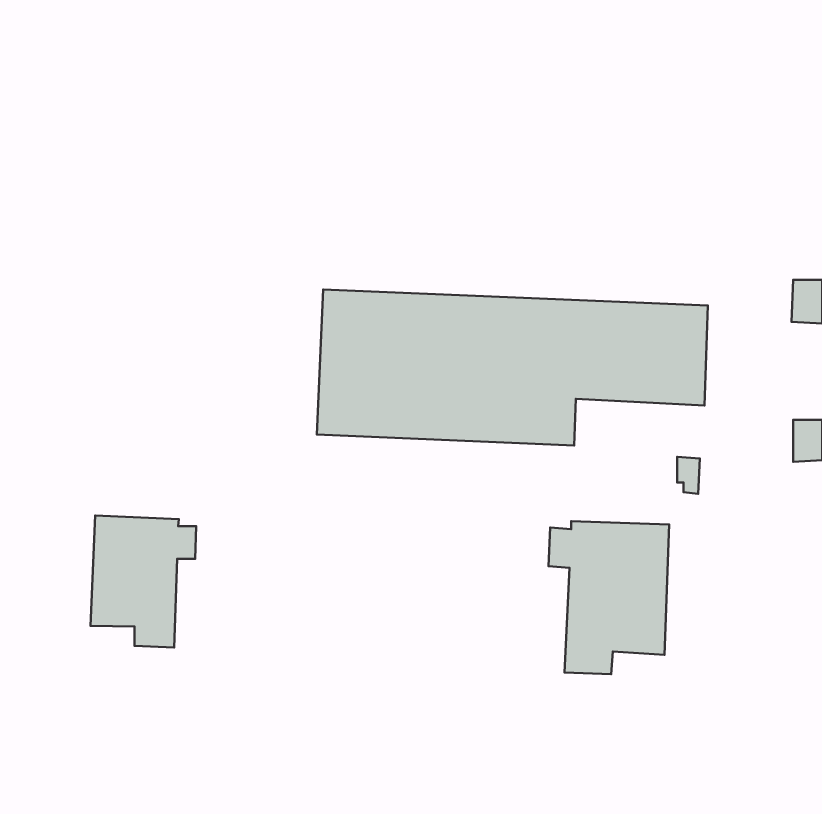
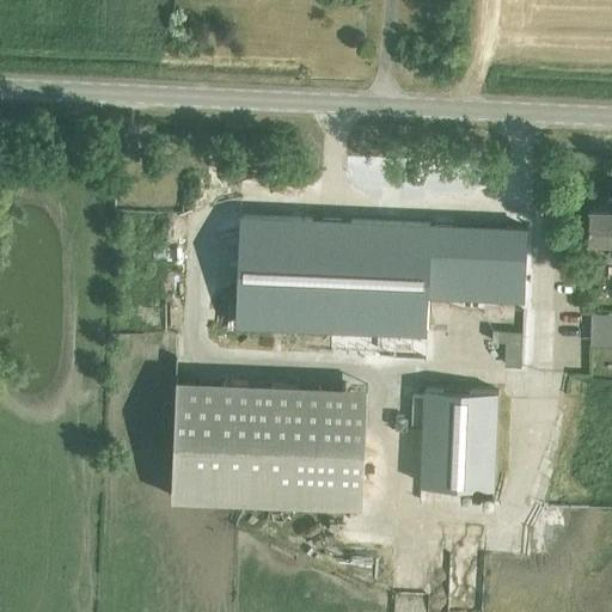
building: none -> [171,382,367,510]
building: [91,515,196,648] -> none

